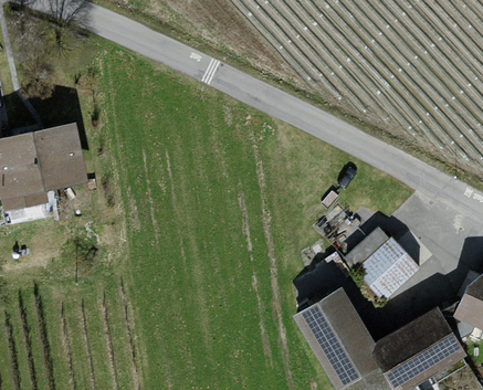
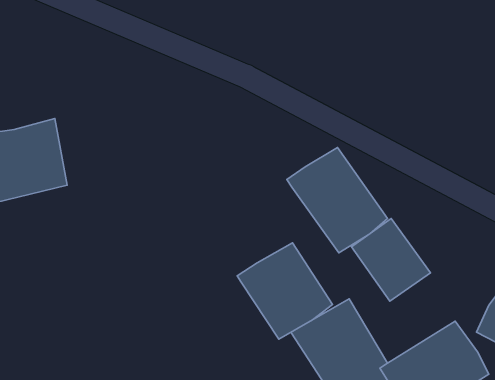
building: none -> [287,147,388,253]
building: none -> [237,243,333,339]

